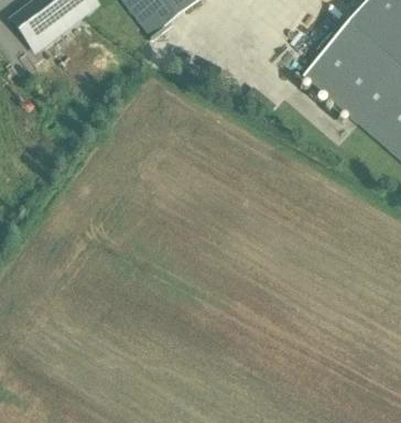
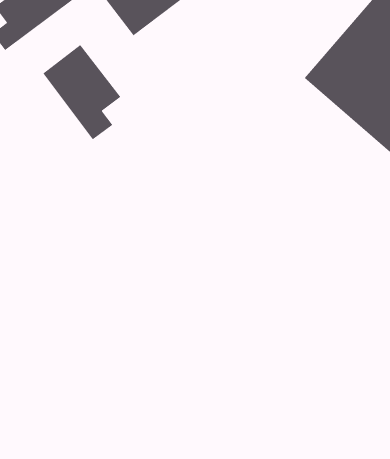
building: none -> [42,44,121,140]

